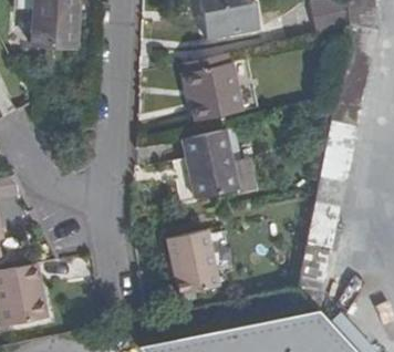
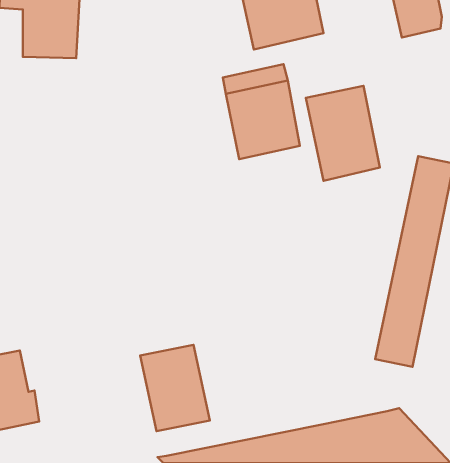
building: [184,131,239,201] -> [306,86,380,181]
building: [167,231,219,296] -> [140,345,210,431]

